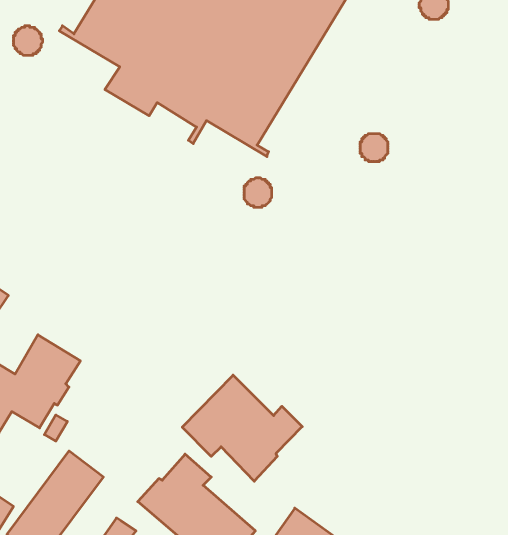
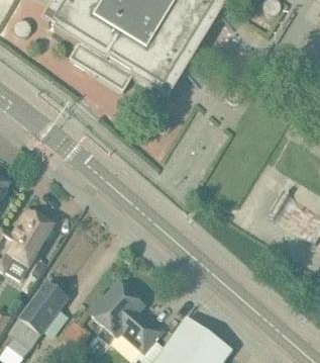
building: [182,375,302,481] -> none

